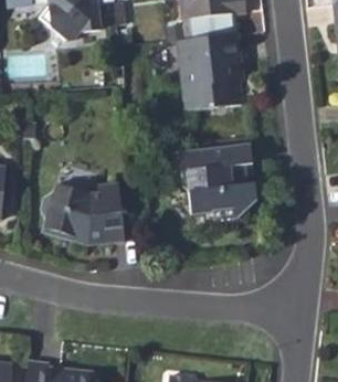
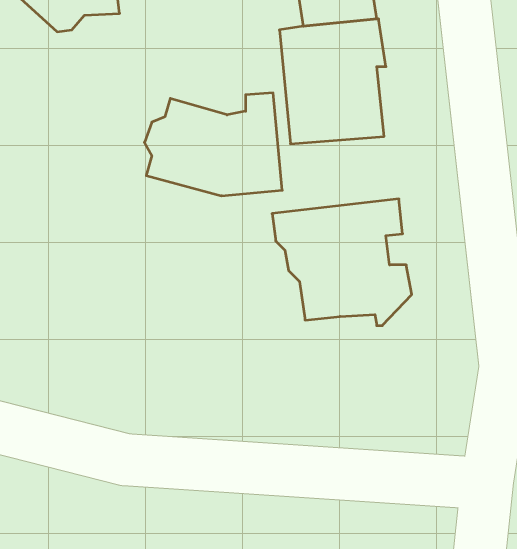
building: [42,181,125,243] -> [144,93,282,196]

